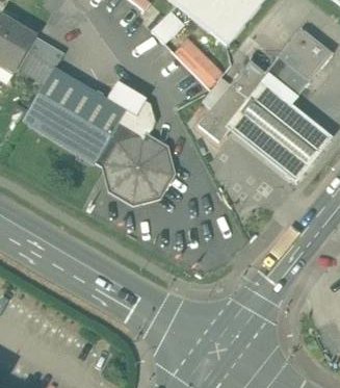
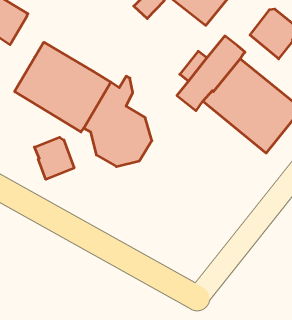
building: [173,33,224,84] -> none
building: [18,36,62,81] -> none
building: [264,56,308,99] -> none
building: [107,80,146,114] -> none
building: none -> [34,137,74,179]

